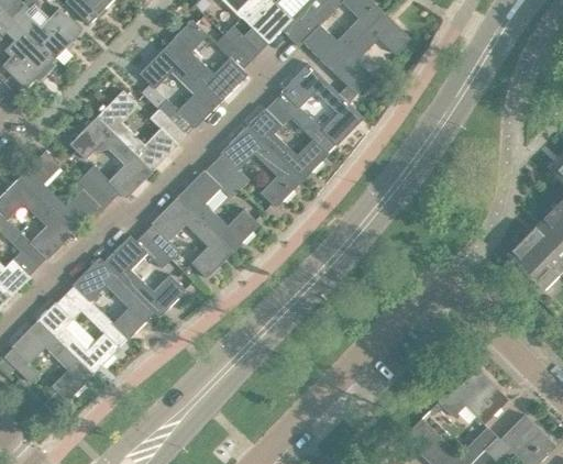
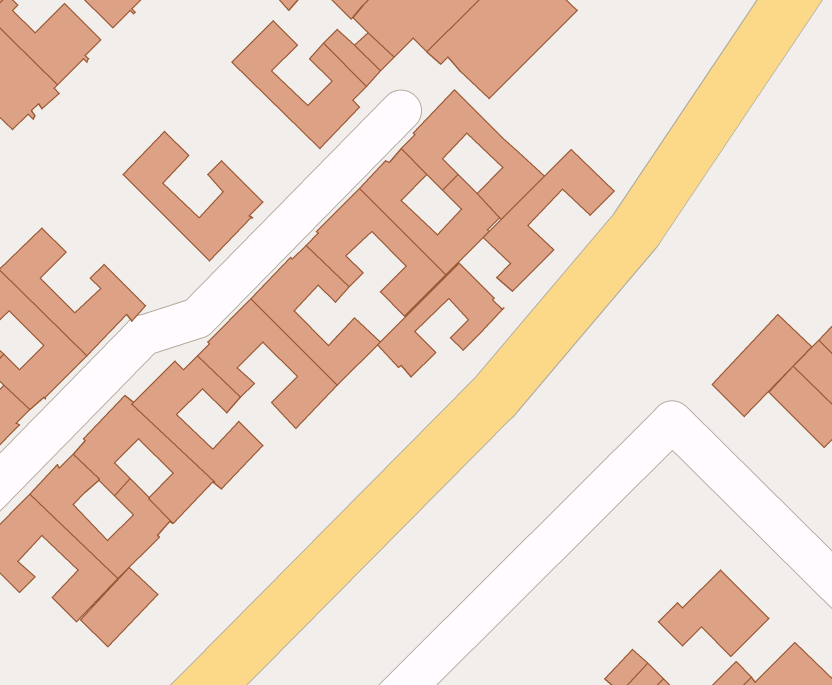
building: [329,13,412,103] -> [483,150,614,291]
building: [137,46,221,135] -> none
building: [69,118,151,201] -> none
building: none -> [378,263,504,377]
building: none -> [712,315,812,417]
building: none -> [81,568,158,647]

